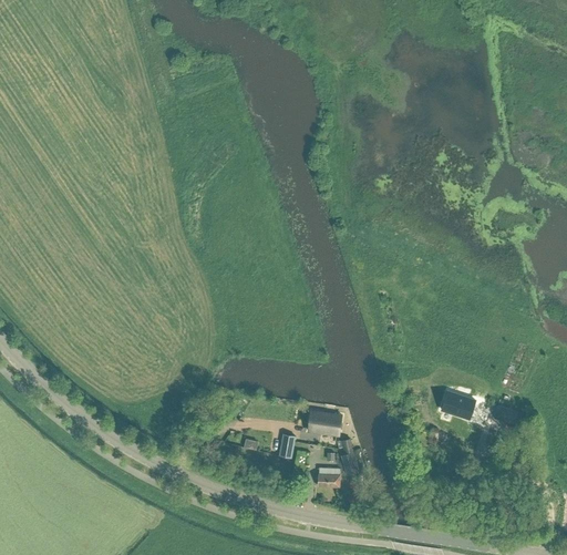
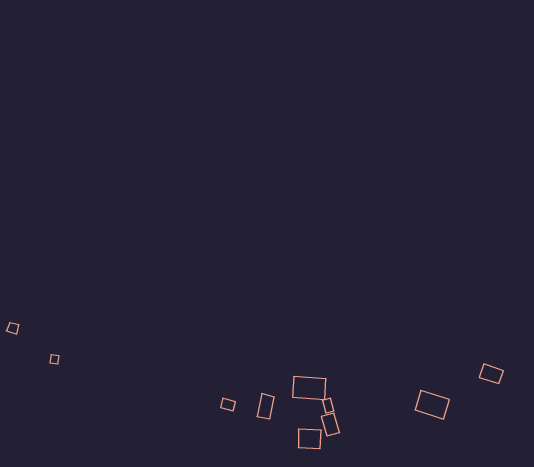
building: [441,389,474,417] -> [415,390,449,419]

